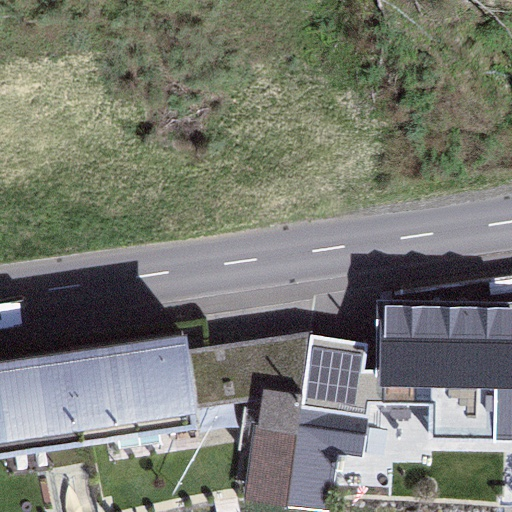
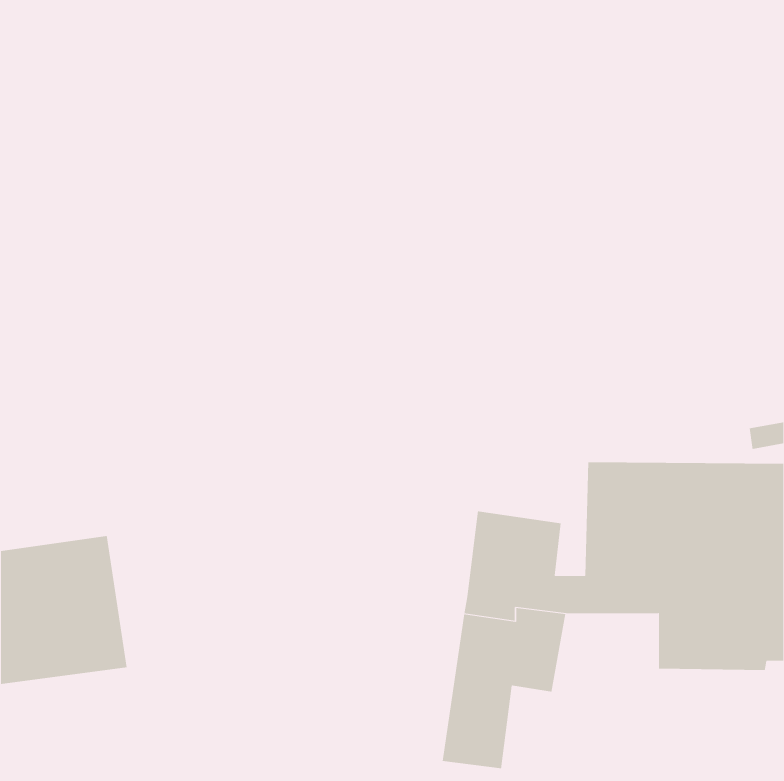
building: [70,335,255,443] -> none
building: [251,384,304,498] -> none

